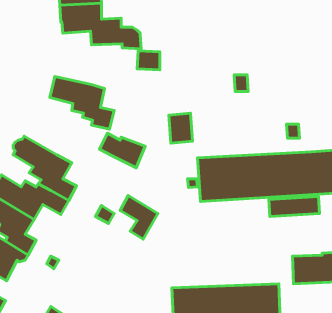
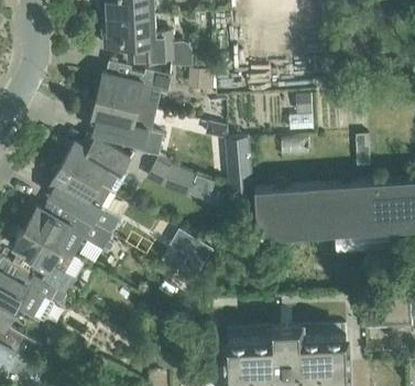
building: none -> [97,61,172,109]
building: none -> [63,141,130,192]

